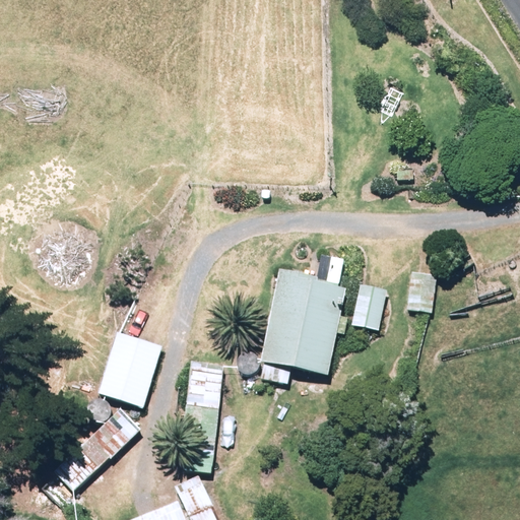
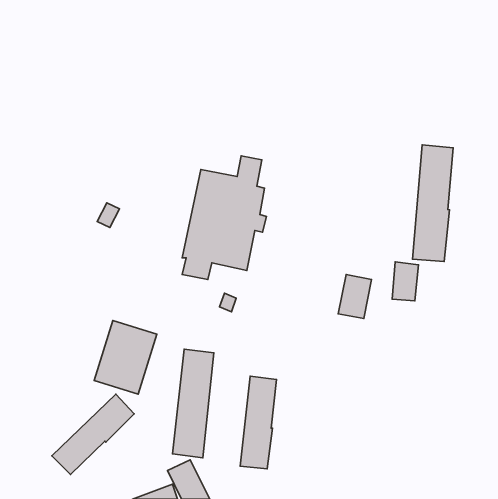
building: none -> [412,145,453,262]
building: [260,255,347,383] -> [182,156,267,279]
building: none -> [240,376,277,469]

